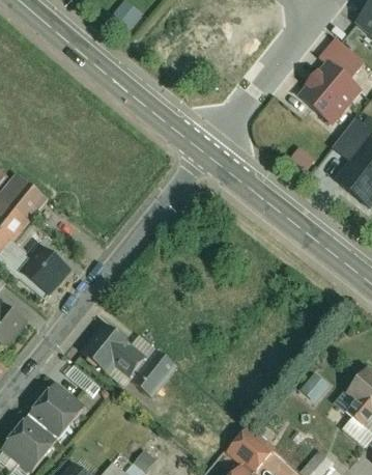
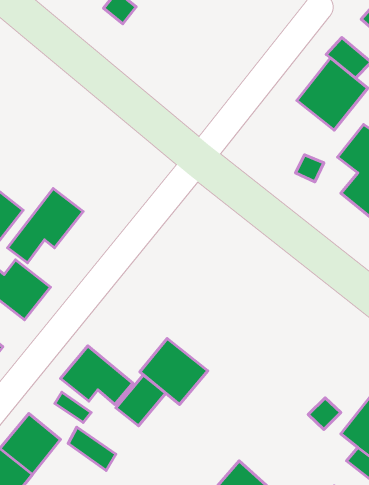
building: none -> [7,189,83,263]
building: none -> [140,338,208,405]
building: none -> [68,427,116,471]

